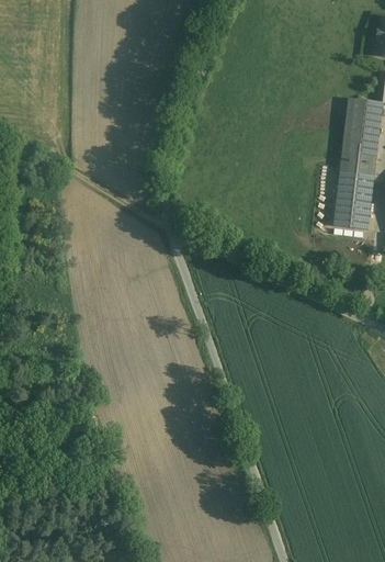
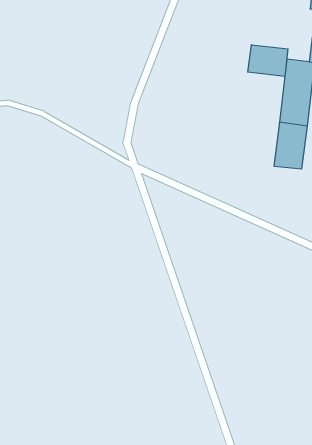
building: none -> [248,45,288,76]

